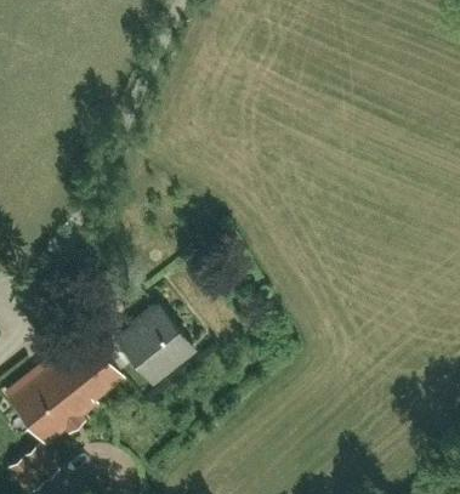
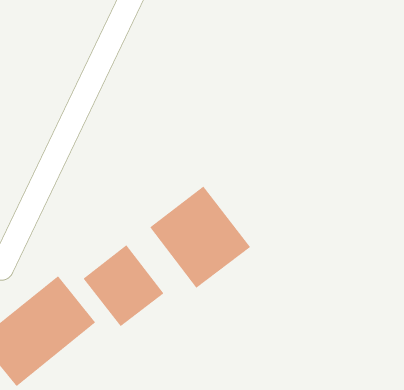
building: none -> [149,186,251,289]

